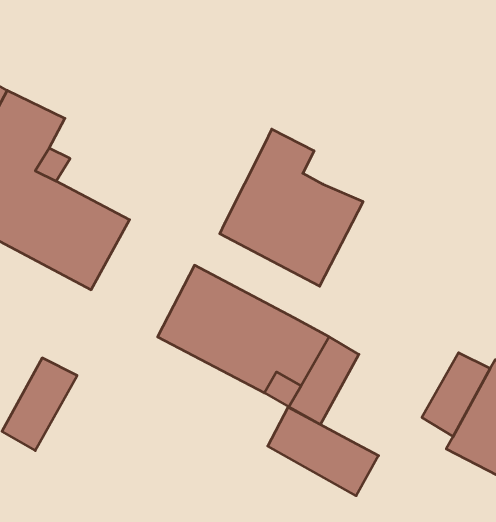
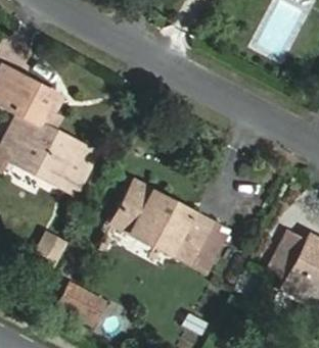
building: [220,129,363,286] -> none
building: [268,407,379,496] -> none
building: none -> [58,284,104,324]

